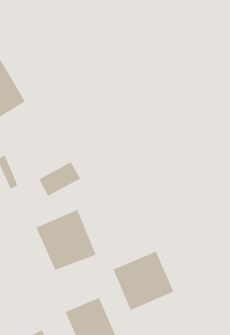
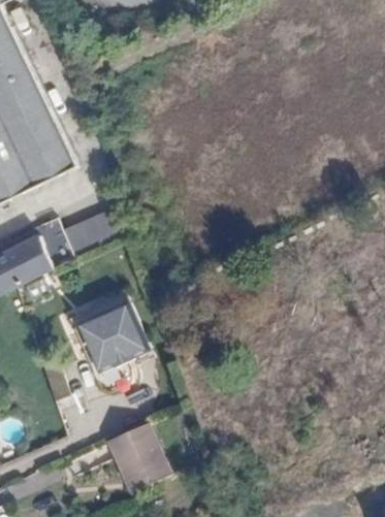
building: [39,162,81,196] -> [61,206,116,249]
building: [113,251,174,311] -> none

